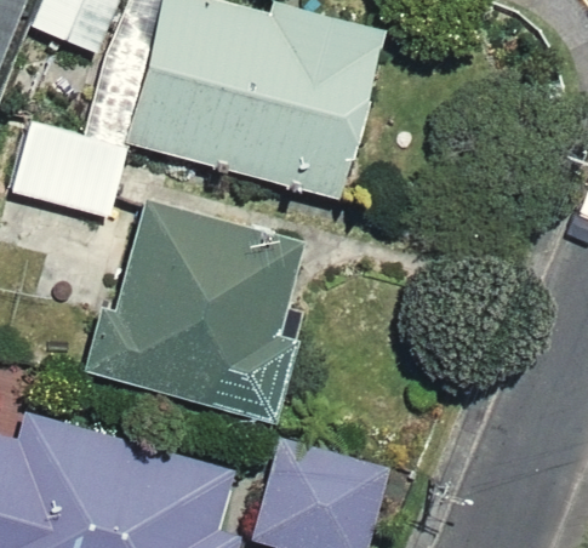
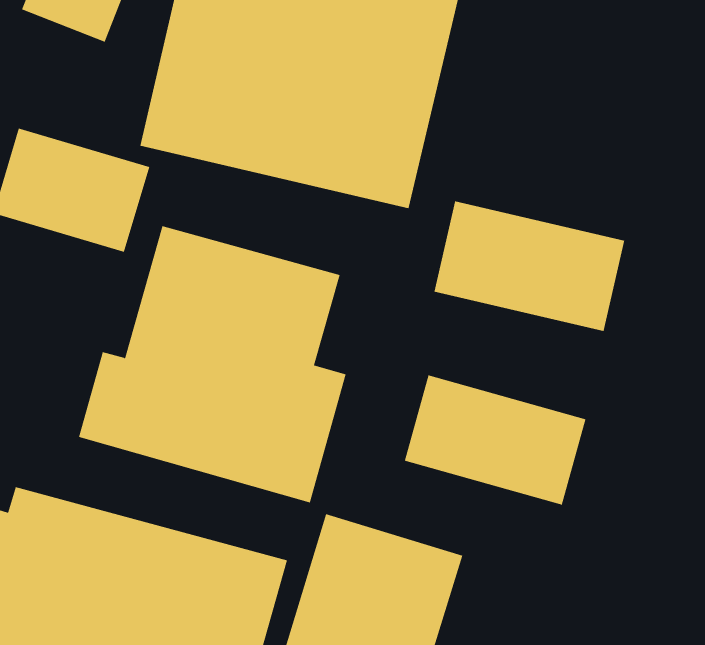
building: none -> [434,201,625,332]
building: none -> [404,374,586,505]

